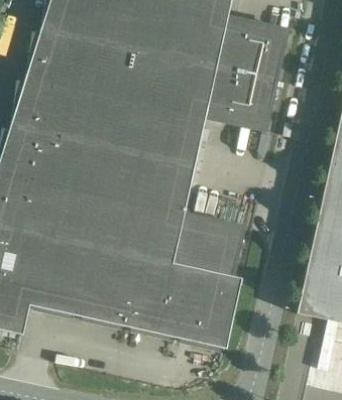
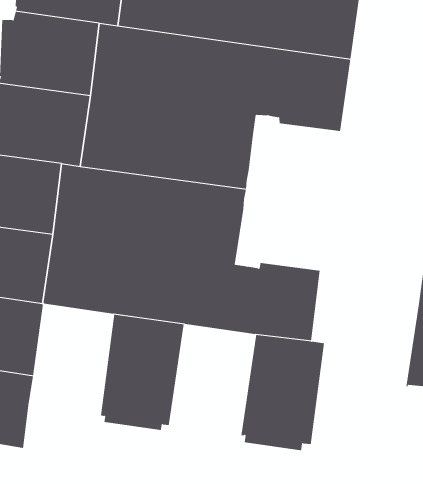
building: [29,236,94,320] -> none
building: [127,258,193,343] -> none

